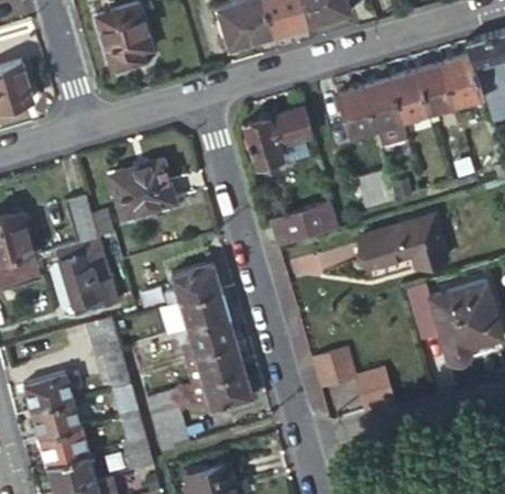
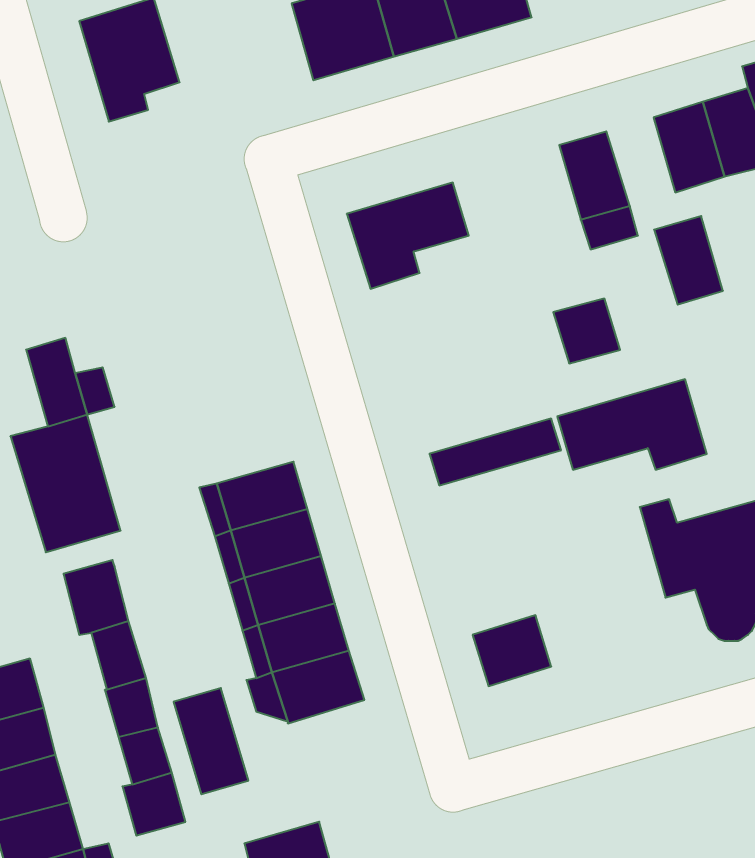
building: [389,72,428,121] -> [654,216,723,305]
building: [337,87,375,136] -> none
building: [111,161,175,217] -> none
building: [275,202,339,244] -> none
building: [359,371,397,413] -> none

